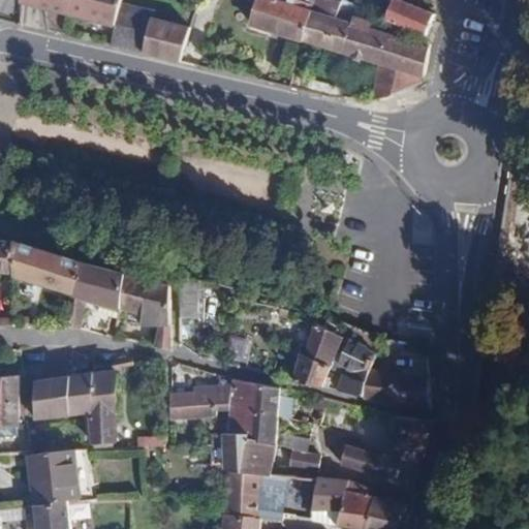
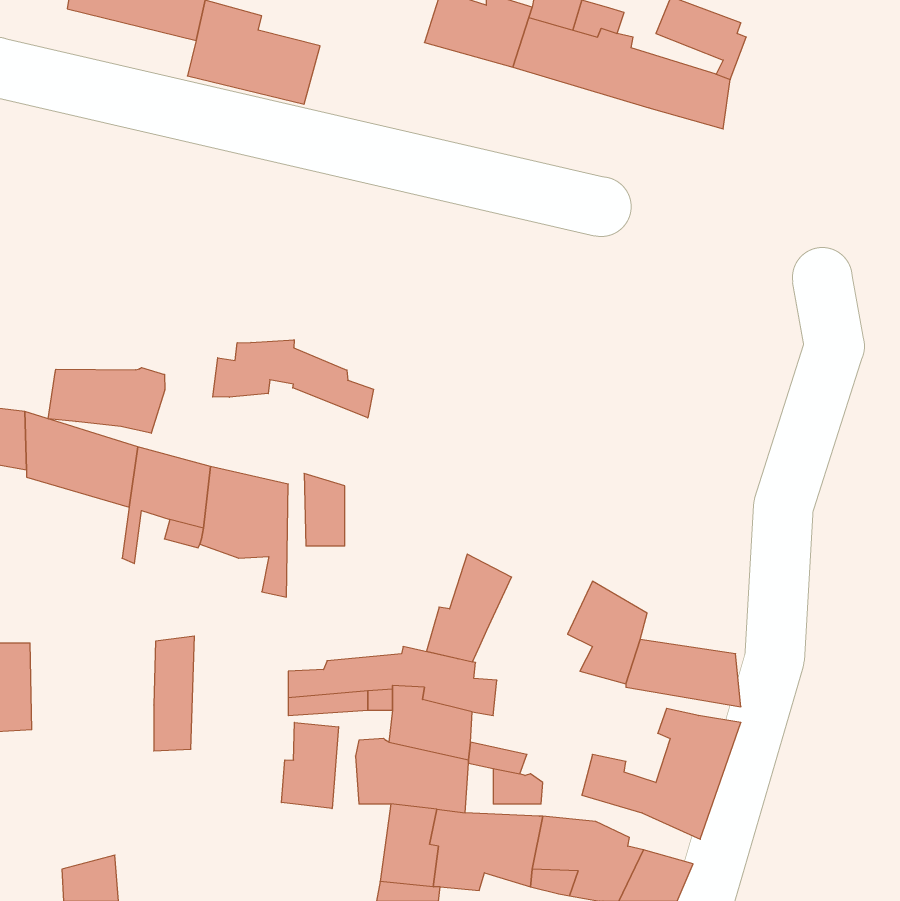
building: [374,63,423,98] -> none
building: none -> [213,340,373,418]
building: none -> [48,368,165,433]
building: [297,326,346,390] -> [427,554,512,662]
building: [33,375,91,418] -> none
building: none -> [281,722,339,809]
building: [31,455,69,508] -> none

